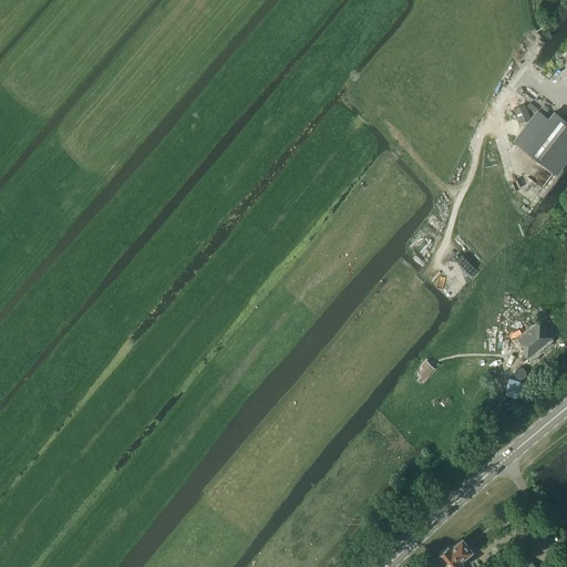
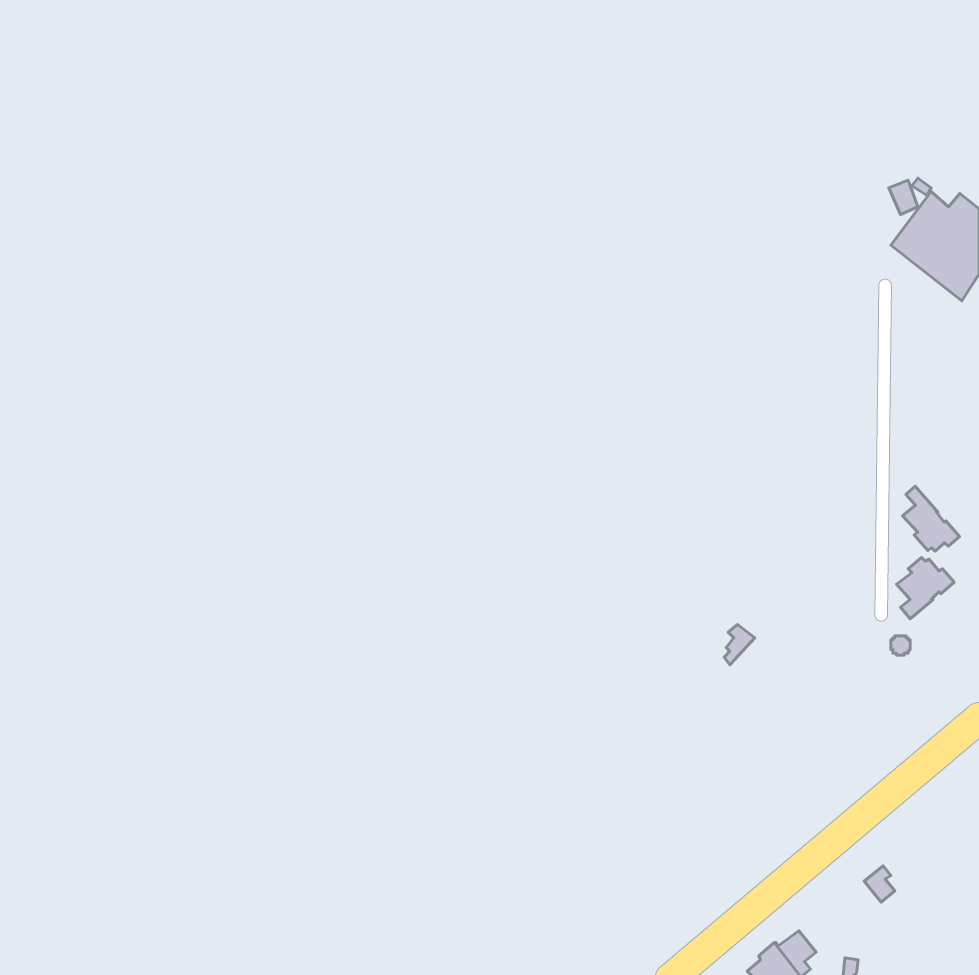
building: none -> [903,486,959,551]

